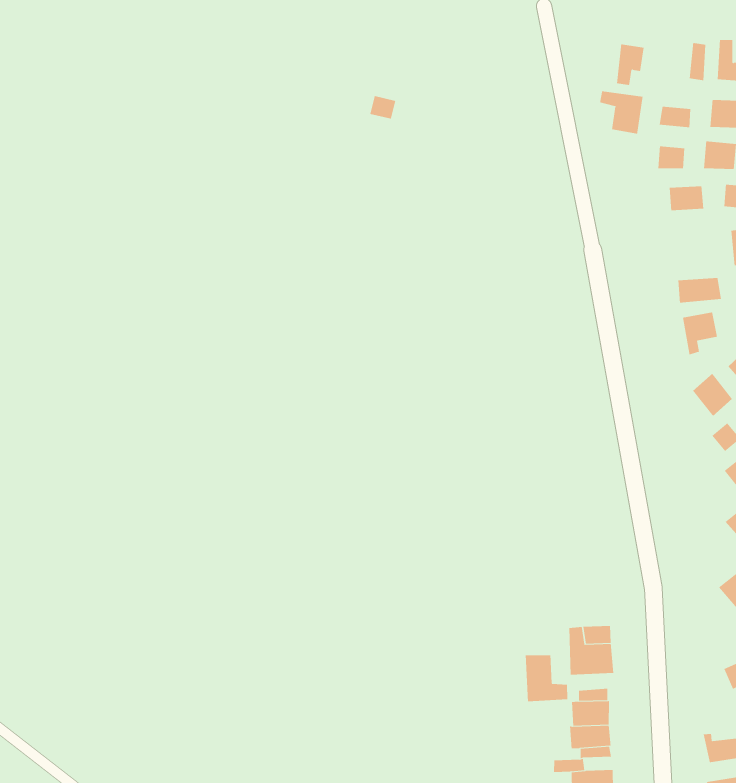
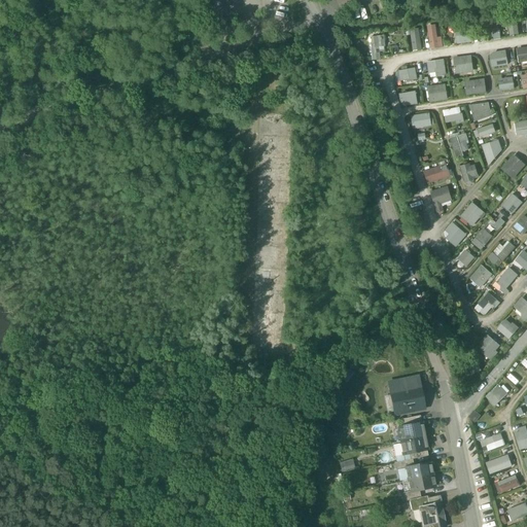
building: [599,91,643,135] -> none
building: [525,654,568,702] -> none

